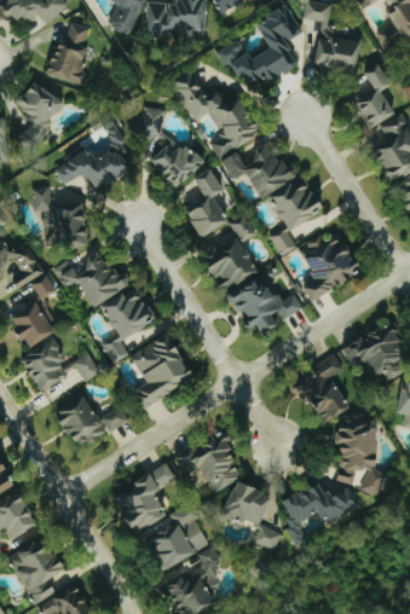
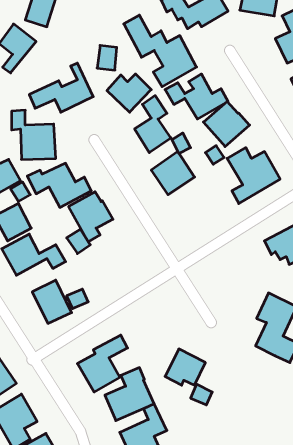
building: [229,278,301,331] -> none
building: [131,332,195,409] -> none
building: [293,355,348,421] -> none
building: [174,431,246,492] -> none
building: [278,482,356,543] -> none

